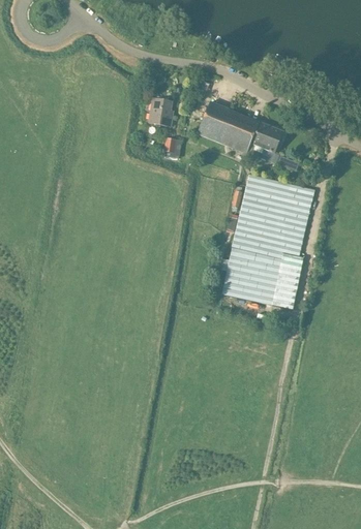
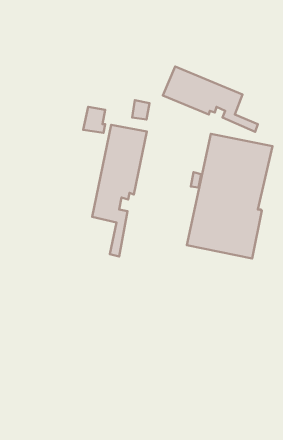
building: [147,97,171,125] -> [83,107,105,133]
building: none -> [92,125,147,256]

